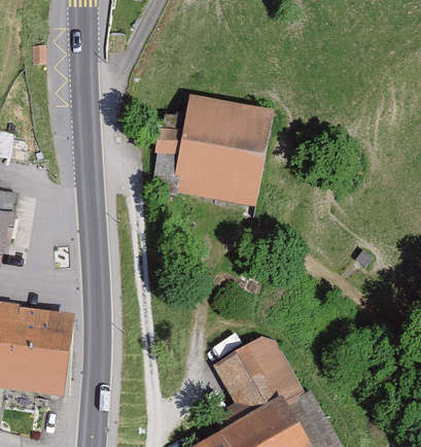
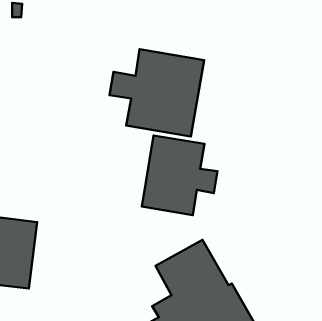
building: none -> [142,135,217,215]

